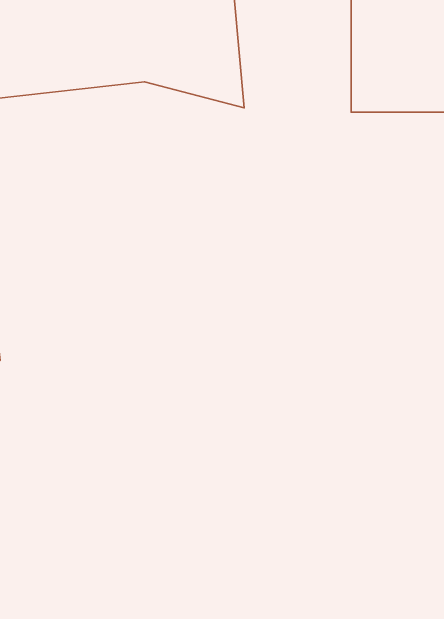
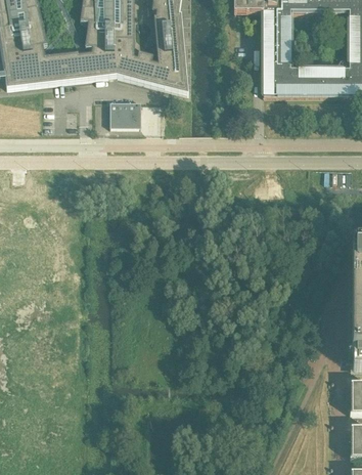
building: none -> [110,99,142,125]

